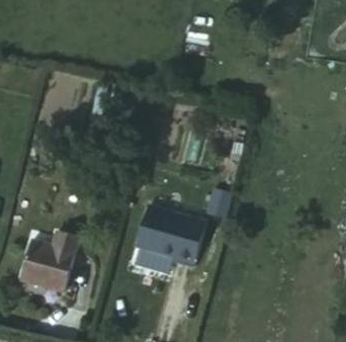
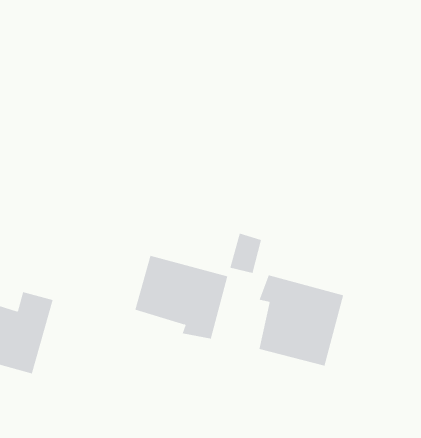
building: none -> [259,275,344,367]

